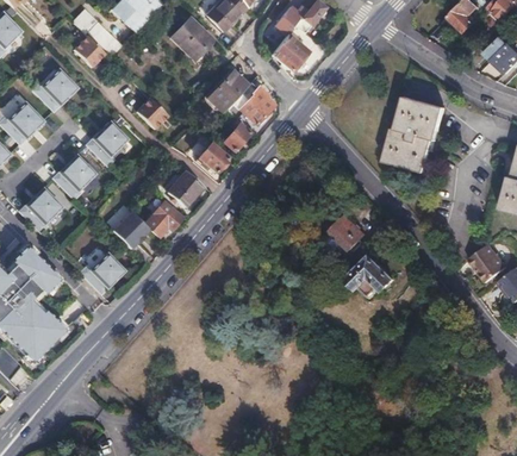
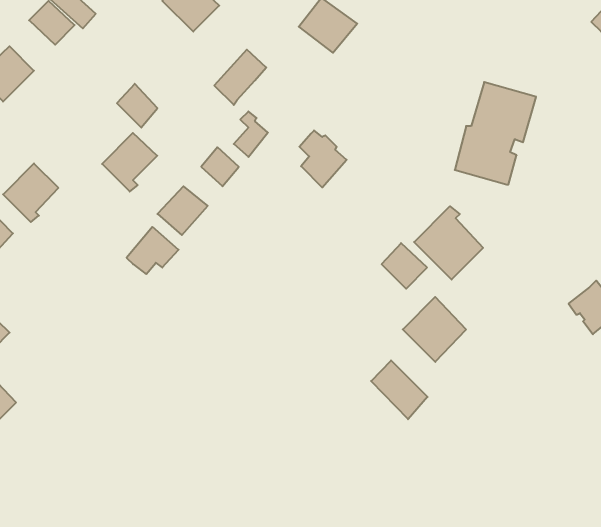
building: [238,82,273,124] -> [299,130,347,187]
building: [87,121,127,164] -> [102,133,157,192]
building: none -> [414,206,483,280]
building: [111,205,149,249] -> none
building: [80,252,124,293] -> none
building: none -> [371,360,428,419]

